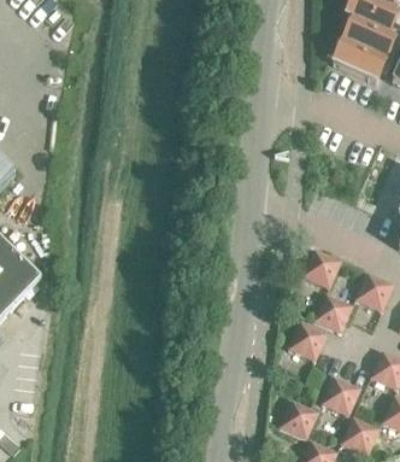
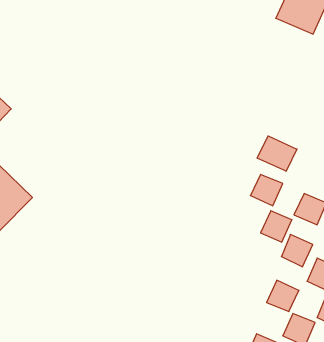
building: none -> [257,136,297,171]
building: [288,322,325,361] -> [281,234,313,267]
building: [280,400,318,440] -> none

